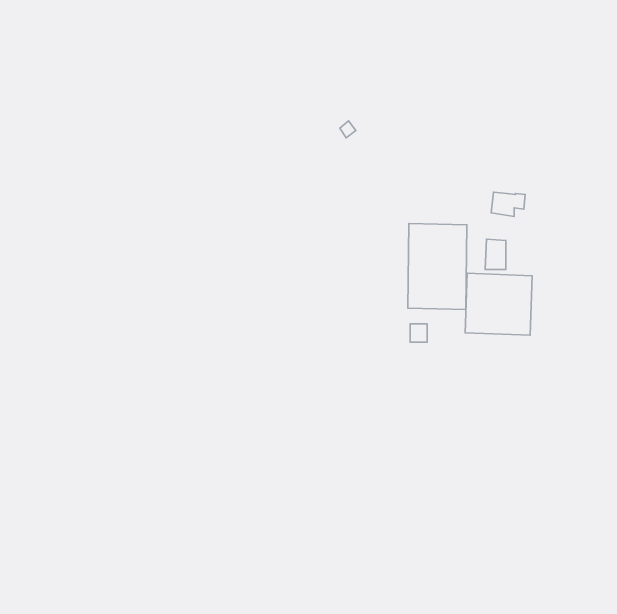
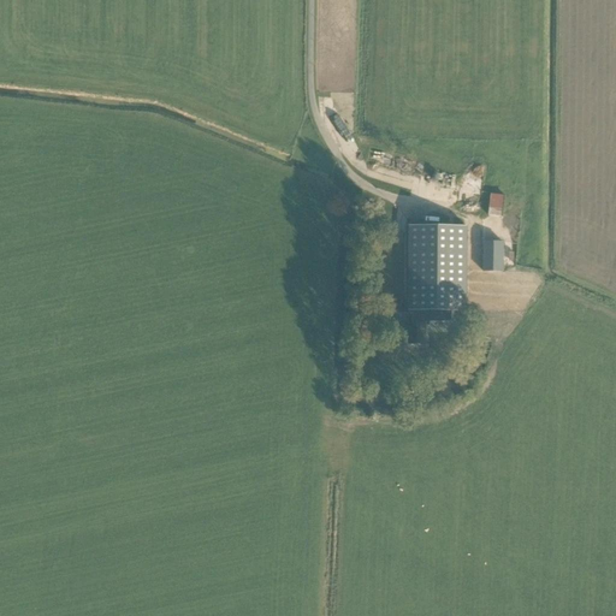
building: [465,273,532,335] -> none

